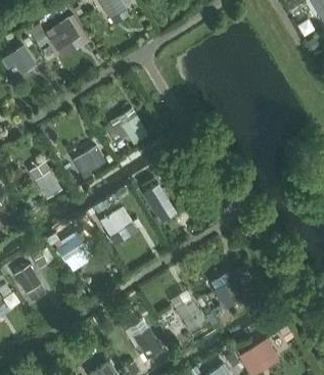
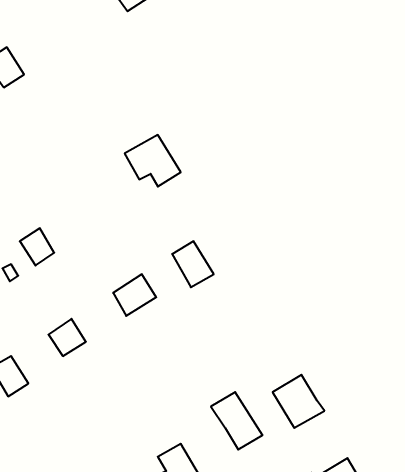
building: [52,16,88,57] -> none
building: [74,146,104,180] -> none

